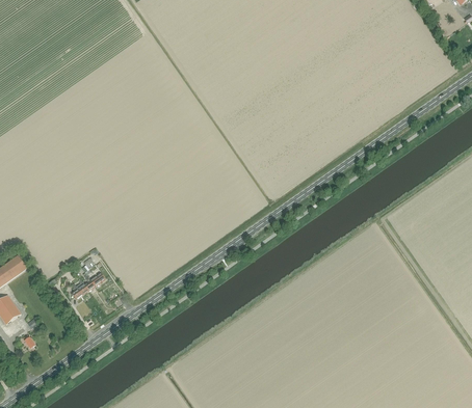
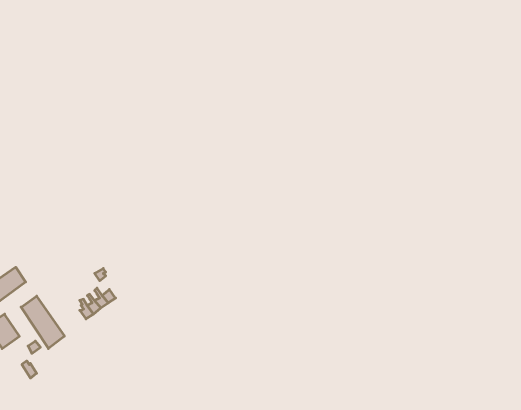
building: none -> [21,296,64,349]

